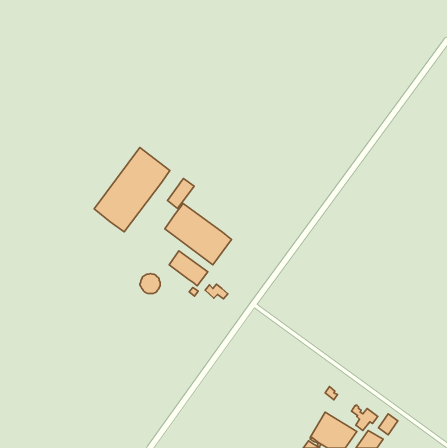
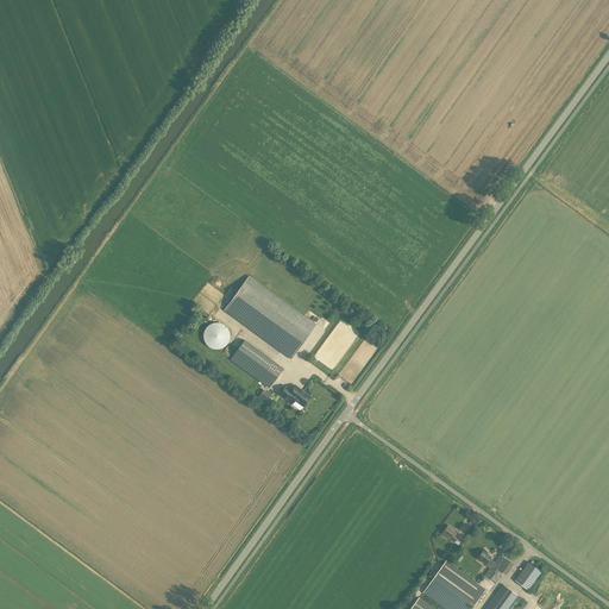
building: [94,147,170,232] -> none
building: [167,178,194,208] -> none
building: [140,273,160,294] -> [201,322,228,350]

